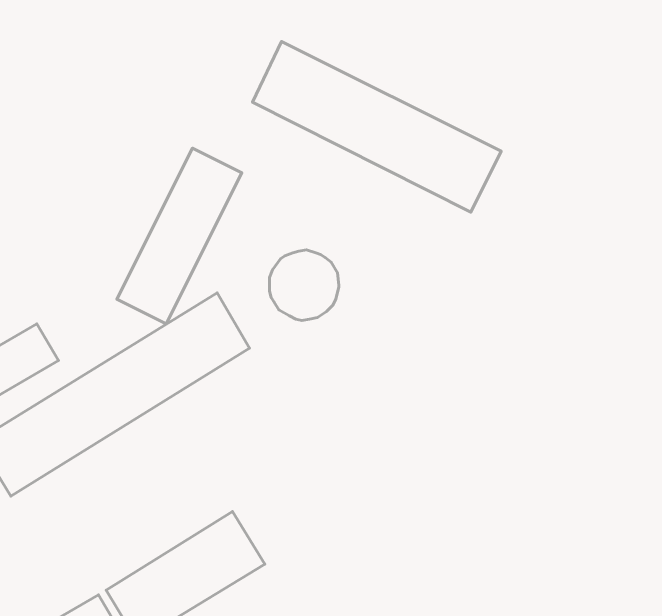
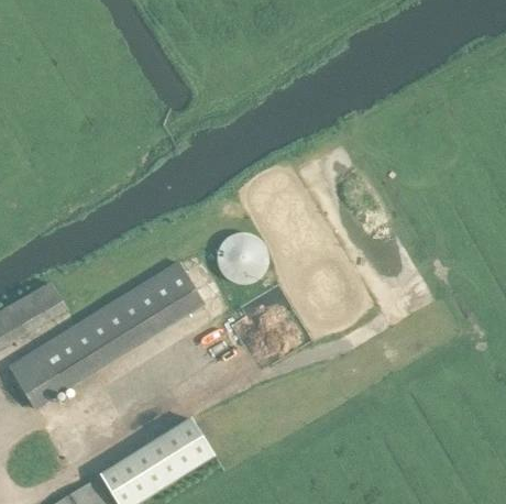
building: [253,41,501,212] -> none
building: [117,148,242,324] -> none

